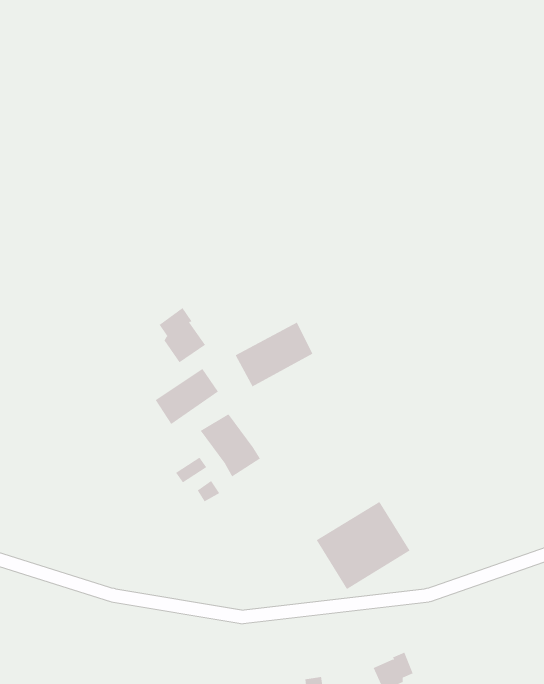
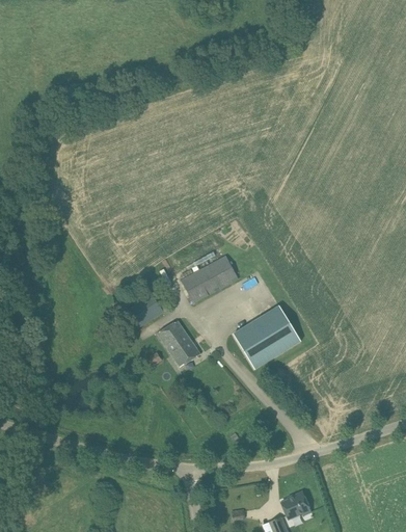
building: [159,307,206,363] -> none
building: [316,501,410,590] -> [234,305,301,369]

